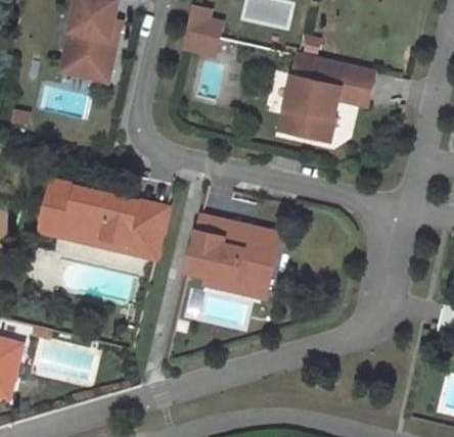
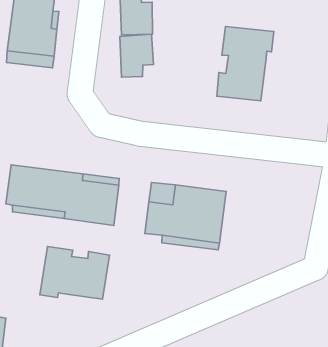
building: none -> [120,34,154,77]
building: [338,67,375,105] -> none
building: none -> [40,246,109,299]

